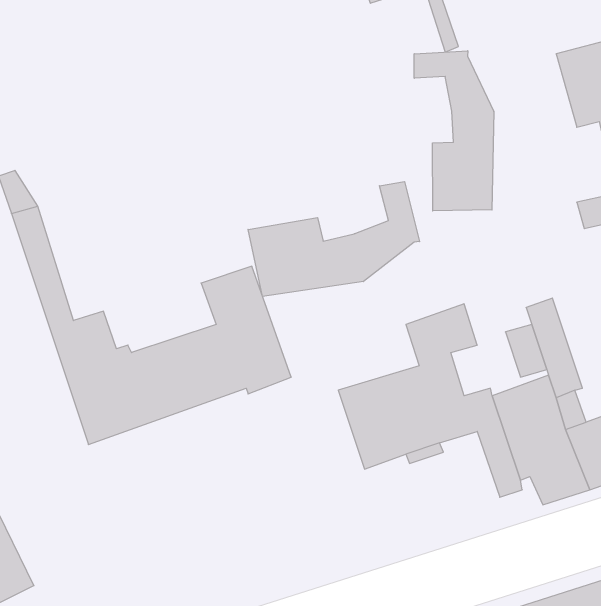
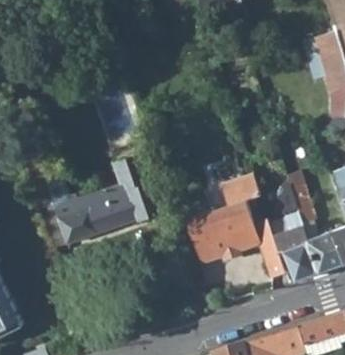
building: [414,51,494,211] -> none
building: [248,182,420,296] -> none

